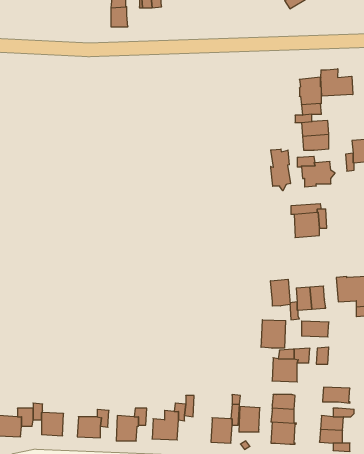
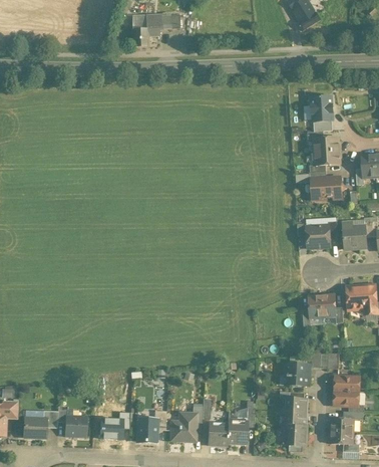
building: [321,69,353,96] -> none
building: [271,149,290,191] -> none
building: none -> [344,222,367,248]
building: [271,279,290,306] -> none
building: [261,320,286,348] -> none
building: [302,321,329,337] -> [335,377,361,392]
building: [239,407,260,432] -> [209,421,229,445]

